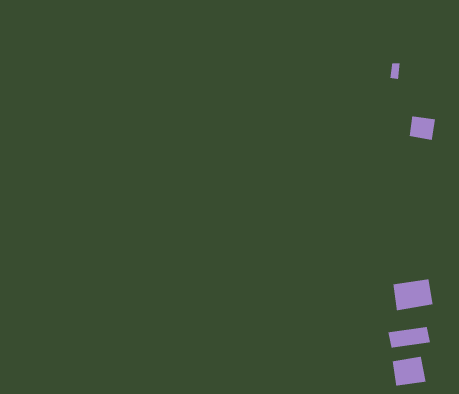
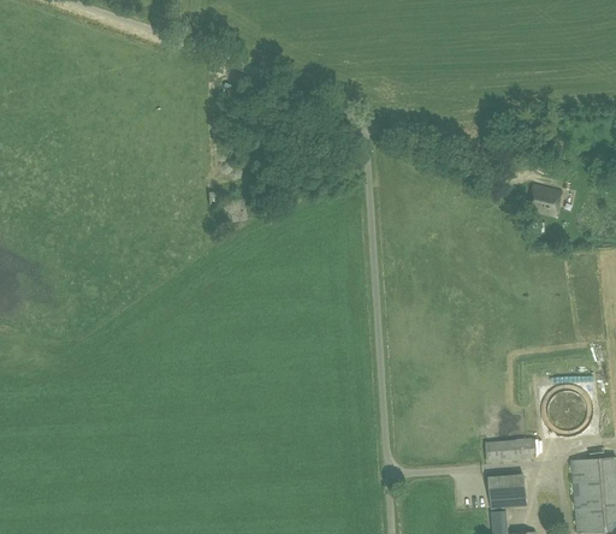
building: [393,279,433,311] -> none

